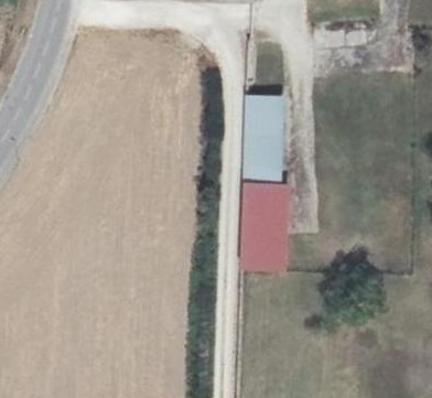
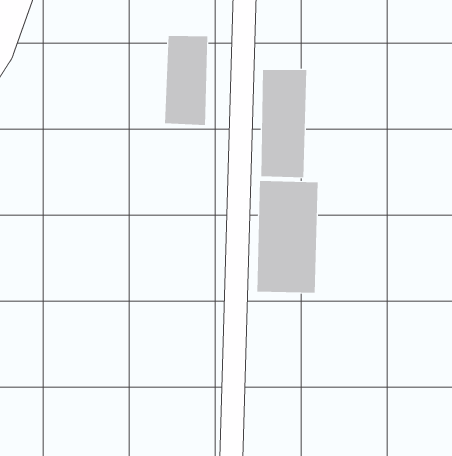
building: none -> [165,35,208,126]

